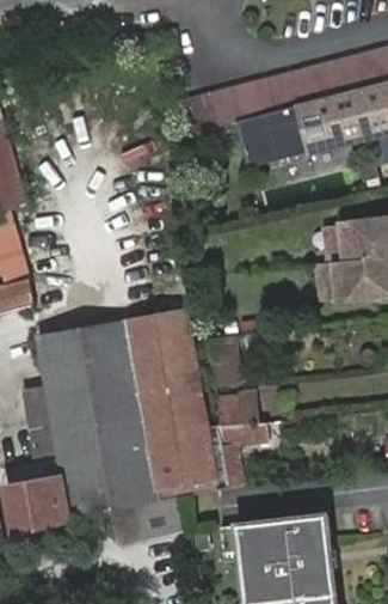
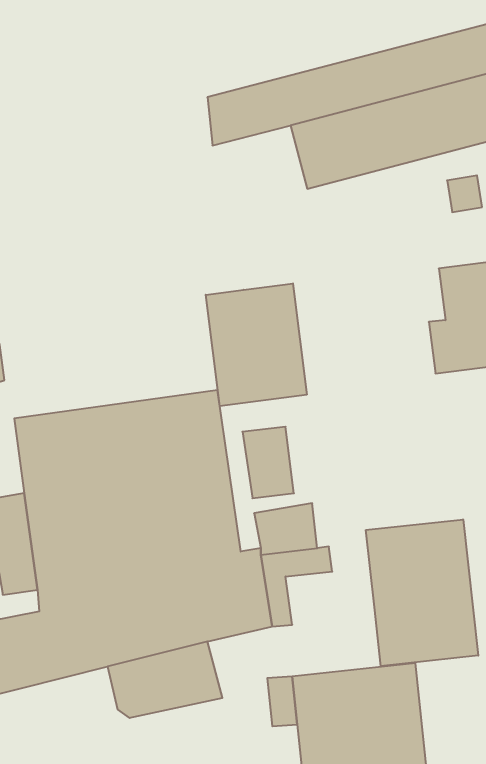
building: none -> [206,283,307,406]
building: none -> [366,519,478,666]

